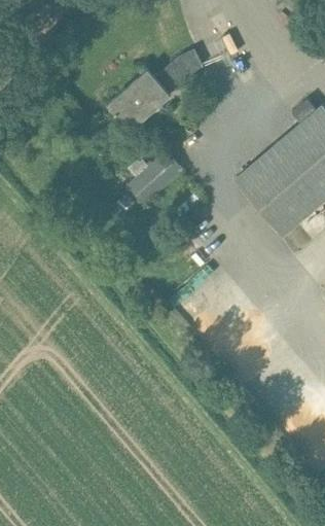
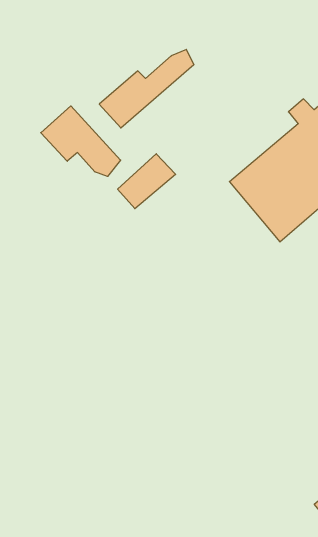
building: none -> [41,106,121,176]

